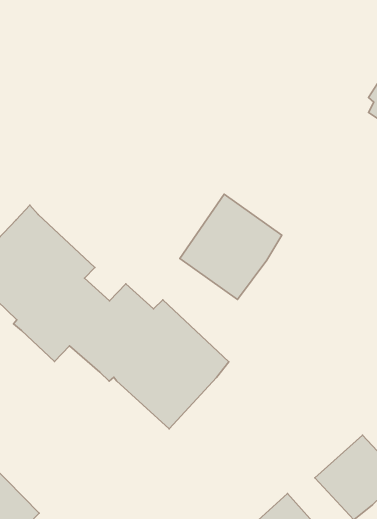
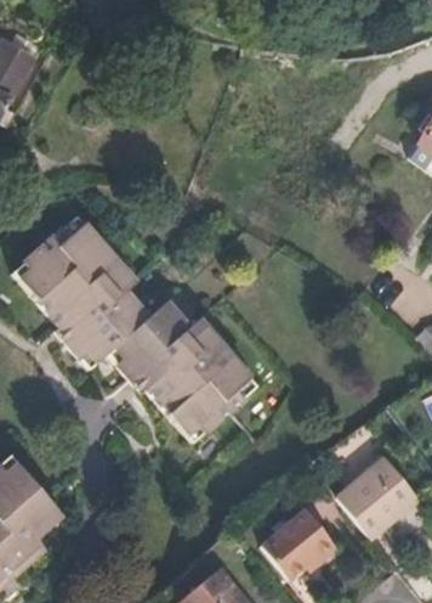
building: [180,194,282,300] -> none

